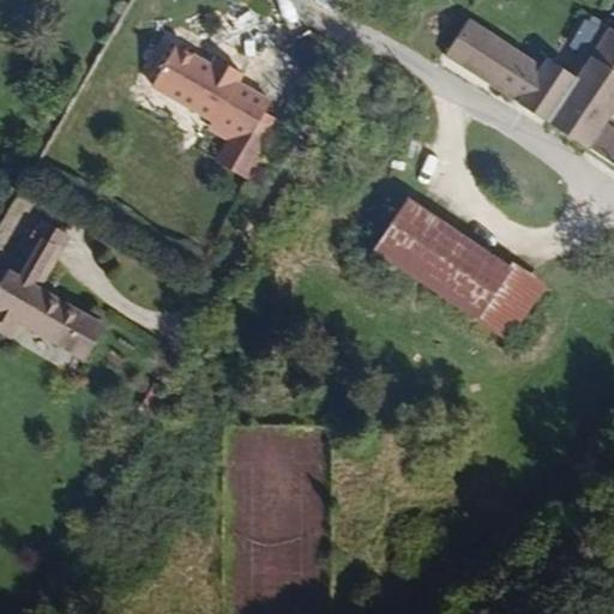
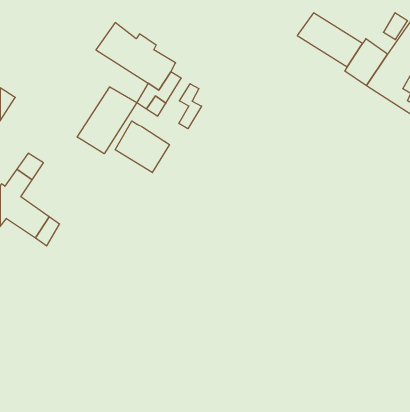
building: none -> [179,84,202,129]
building: none -> [77,87,137,154]
building: none -> [115,121,169,173]
building: [374,195,543,337] -> none

